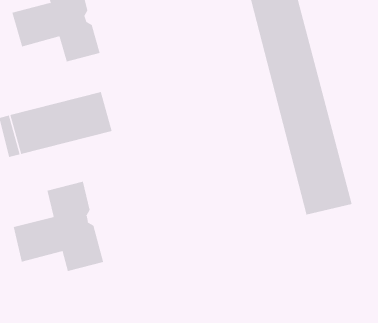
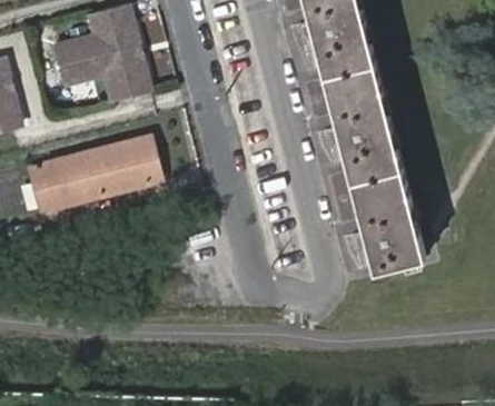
building: [13,181,104,272] -> none

